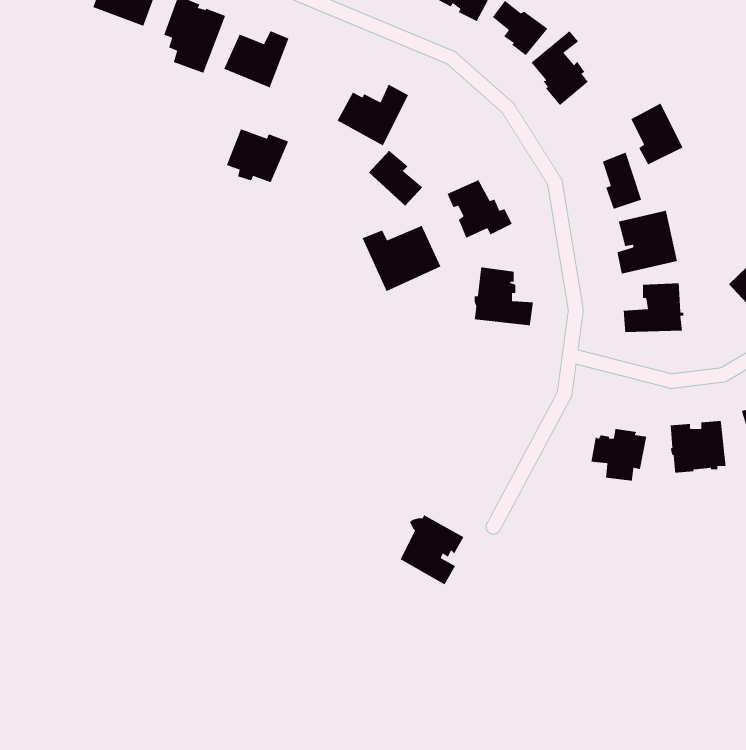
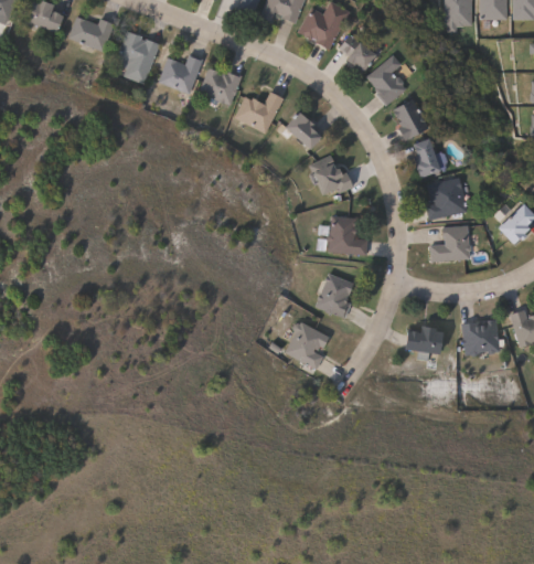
building: [630,103,683,166] -> [393,97,429,140]
building: [226,128,289,183] -> [199,67,242,105]
building: [368,150,423,207] -> [286,110,323,149]
building: [362,225,442,292] -> none
building: none -> [314,273,353,318]
building: [400,514,464,585] -> [285,321,329,370]

